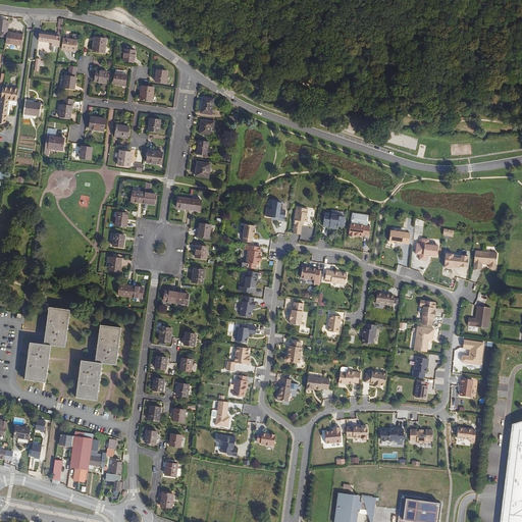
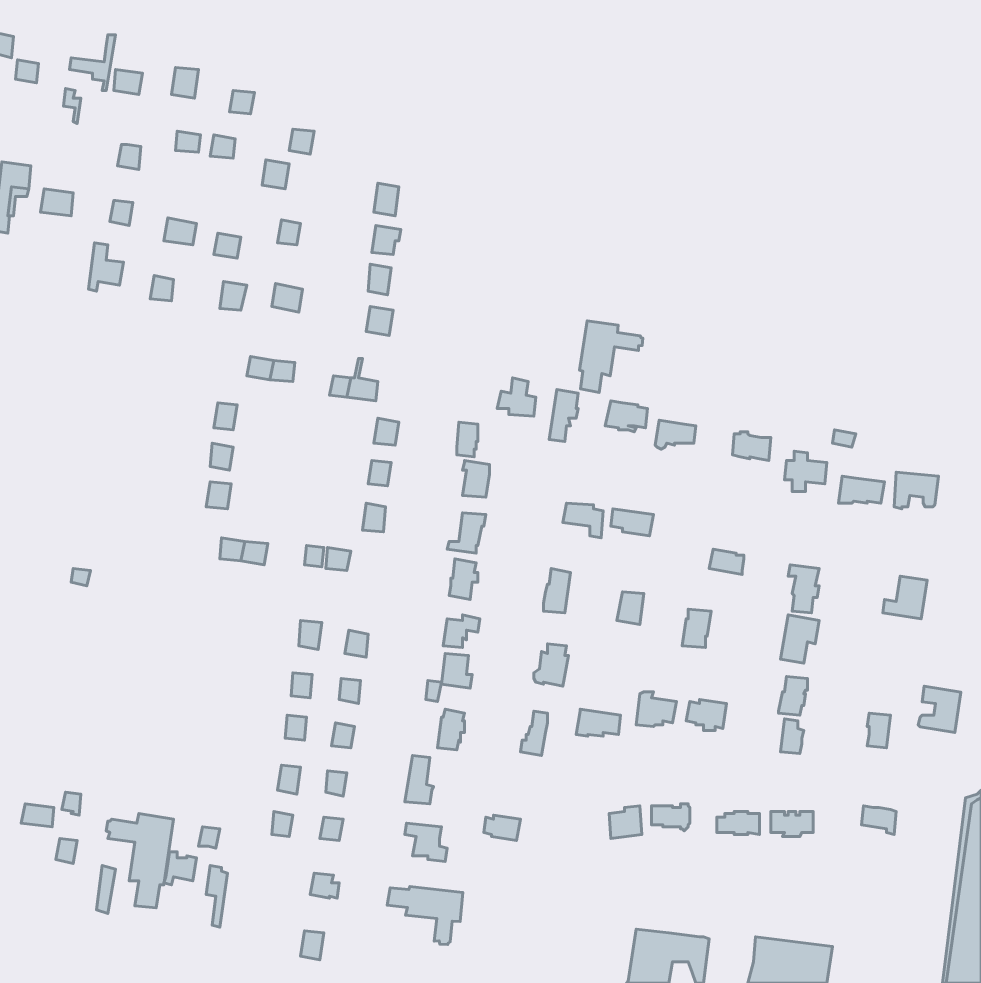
building: none -> [579,321,643,393]
building: [27,305,71,379] -> none
building: [76,323,122,399] -> none
building: [462,340,484,364] -> [918,686,961,733]
building: none -> [387,887,463,945]

